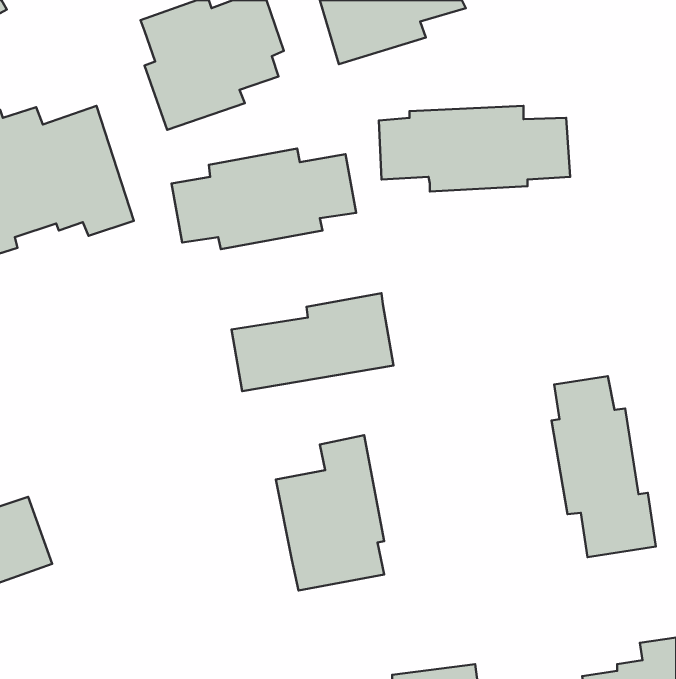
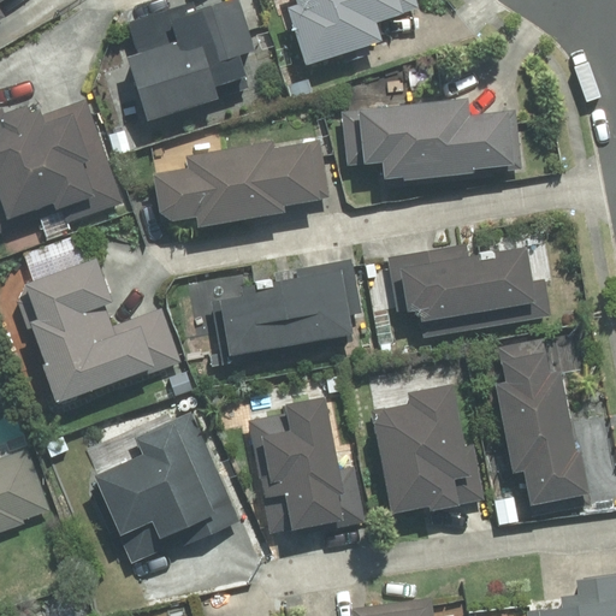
building: none -> [386,245,535,334]
building: none -> [11,257,174,398]
building: none -> [374,384,468,515]
building: none -> [91,410,238,562]

